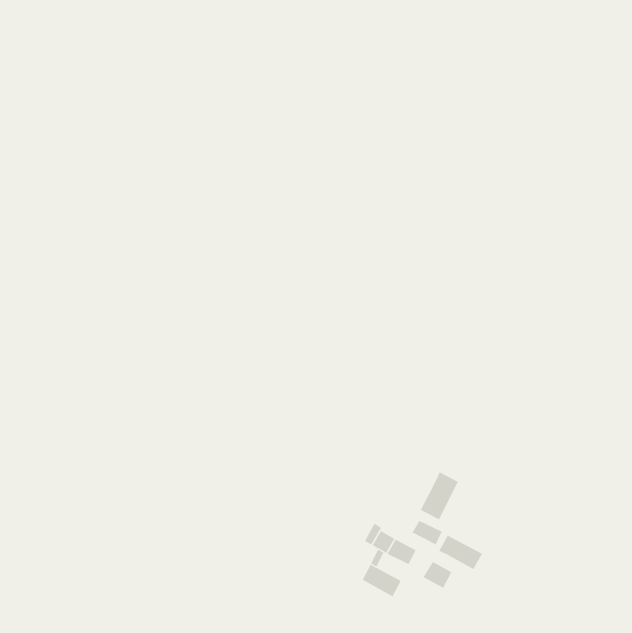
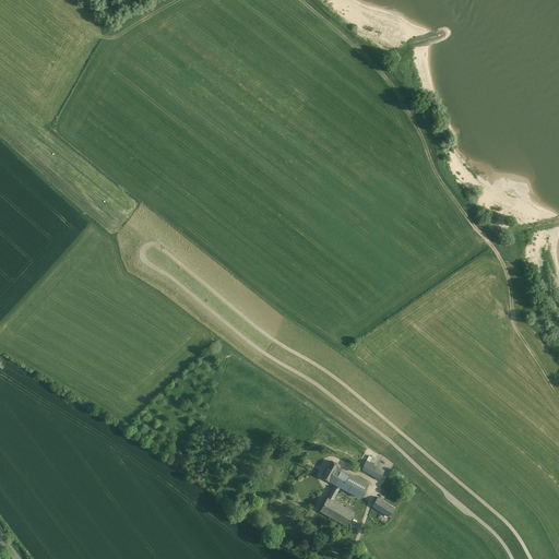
building: [420,472,459,520] -> none
building: [439,535,483,570] -> none

